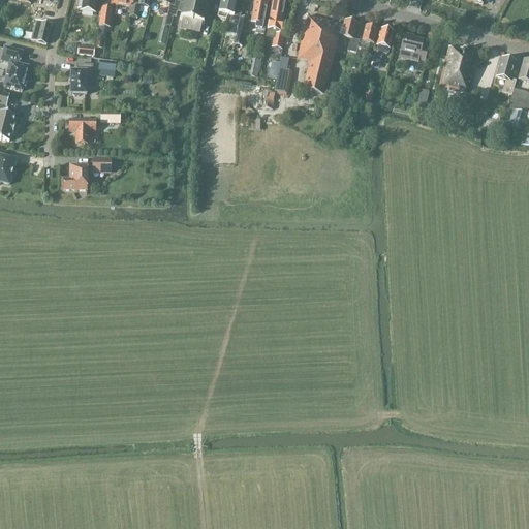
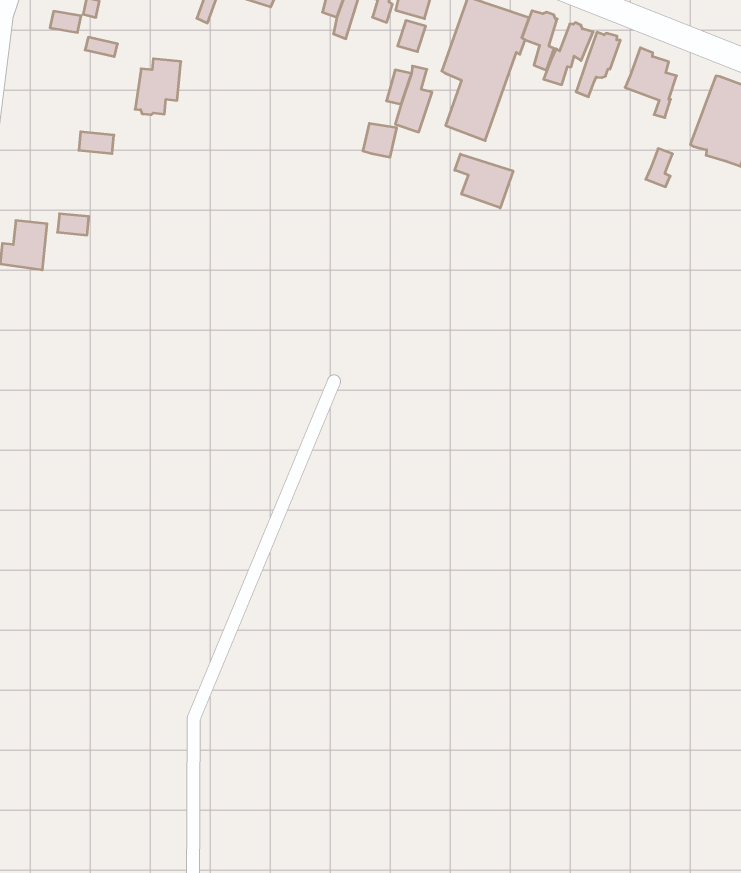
building: [70,62,93,93] -> [135,59,181,115]
building: none -> [455,154,513,208]
building: [70,117,95,141] -> none

